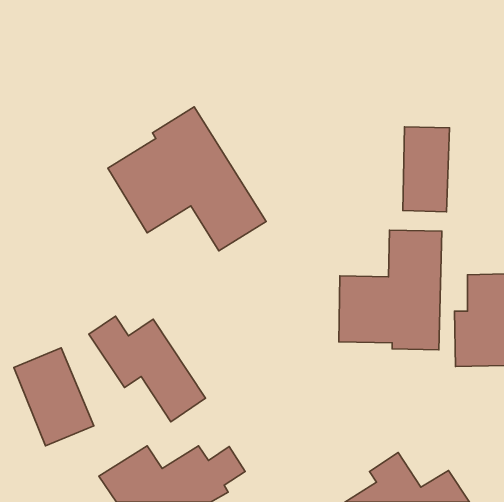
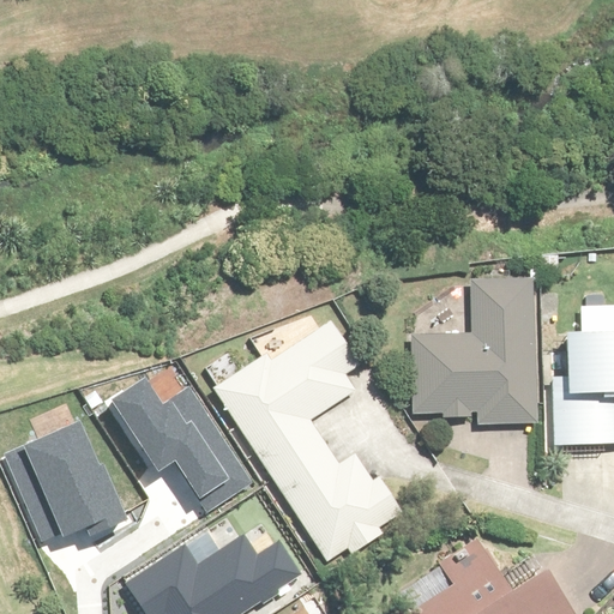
building: [108,107,266,251] -> none
building: [403,127,449,212] -> none
building: none -> [217,318,398,560]

